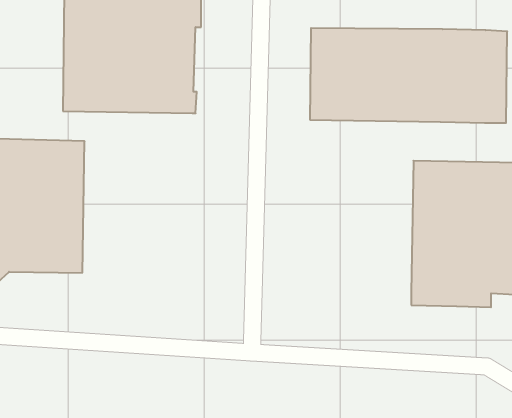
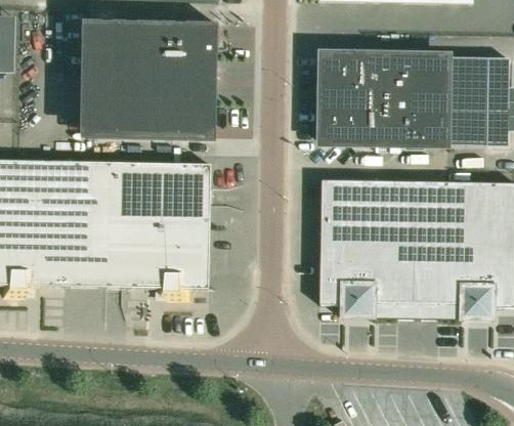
building: none -> [103,162,210,299]
building: none -> [317,179,418,317]

